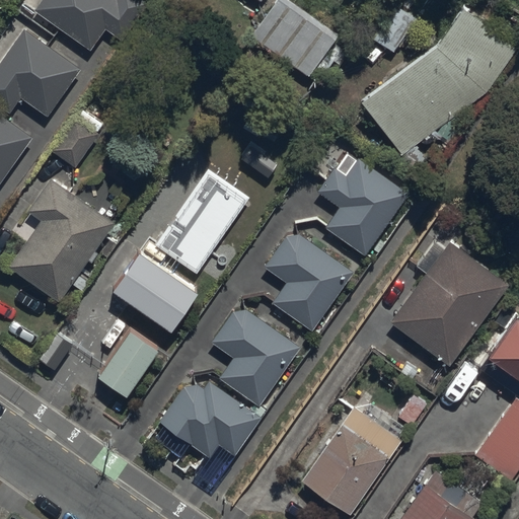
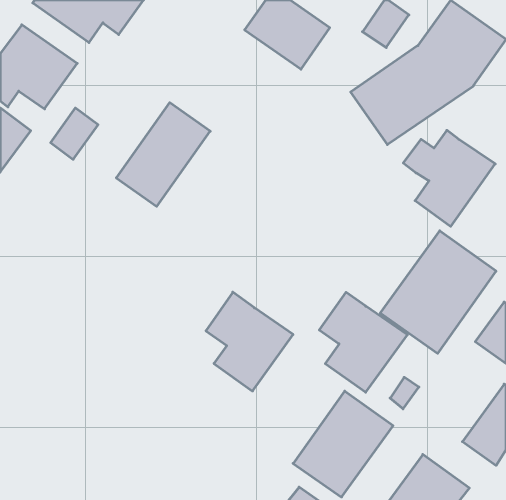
building: [314,159,409,257] -> [403,130,495,226]
building: [155,169,251,276] -> [116,103,210,206]
building: [7,179,114,302] -> none
building: [265,230,355,332] -> [319,292,407,392]
building: [110,250,198,330] -> none
building: [94,327,157,395] -> none
building: [157,381,262,460] -> none

